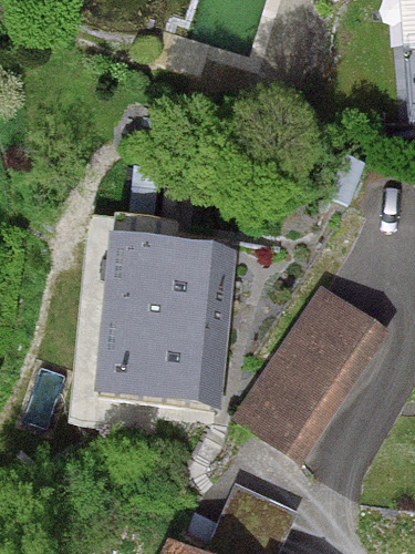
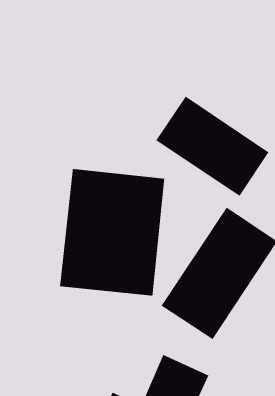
building: none -> [155,96,270,197]

